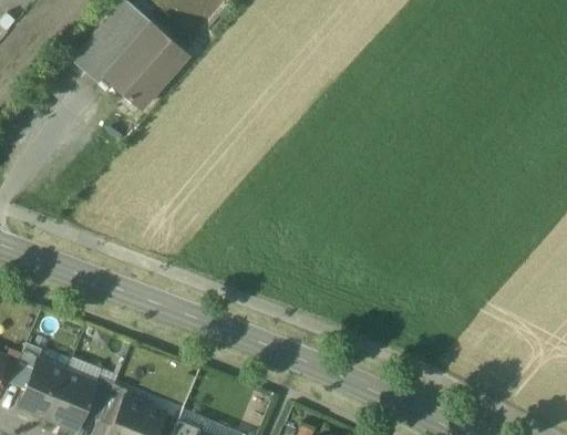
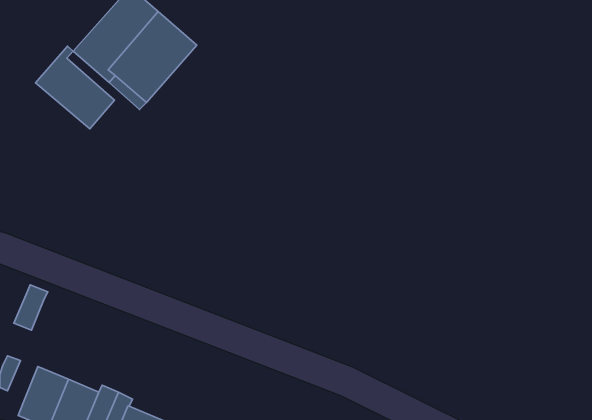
building: none -> [36,46,114,129]
building: [9,345,41,389] -> [14,285,48,330]

